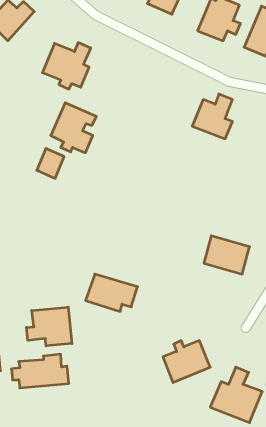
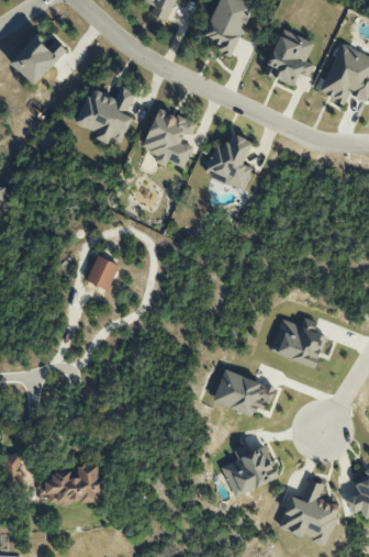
building: [192,94,232,139] -> [203,134,251,188]
building: [51,103,96,153] -> [142,107,197,167]
building: [37,148,64,178] -> [86,254,119,290]
building: [86,274,138,311] -> [212,370,275,415]
building: [26,307,72,346] -> none

